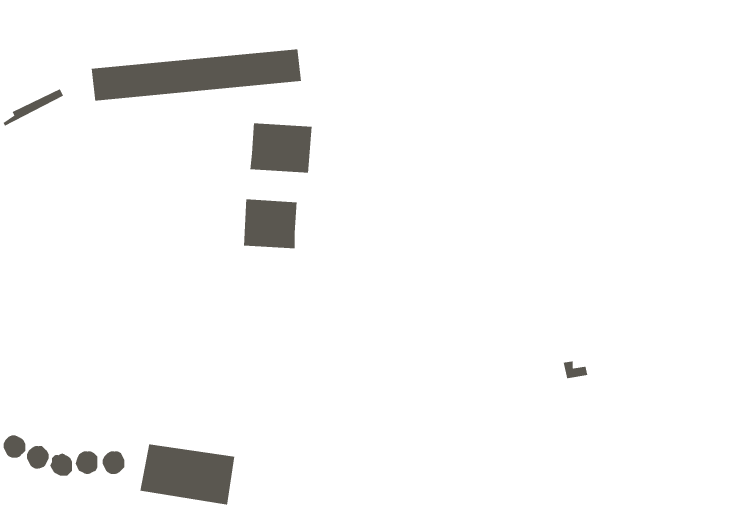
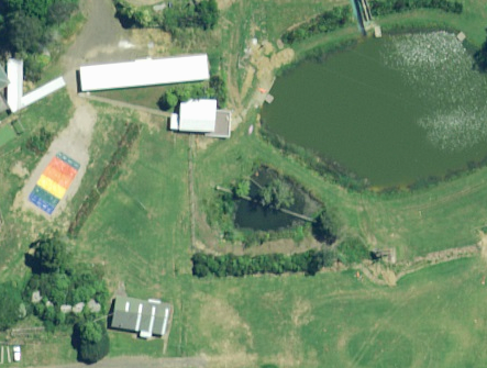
building: [244,199,297,249] -> none

